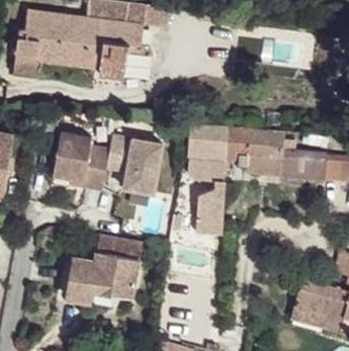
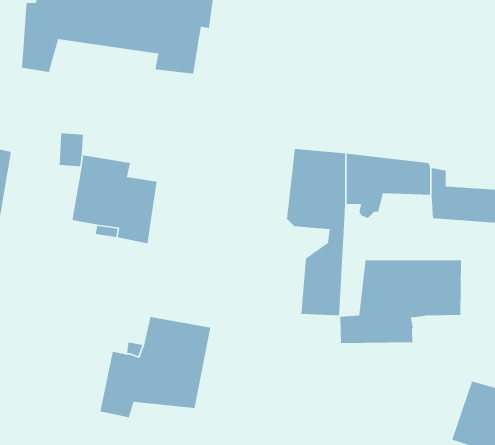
building: [102,136,159,194] -> none
building: none -> [340,259,462,344]

